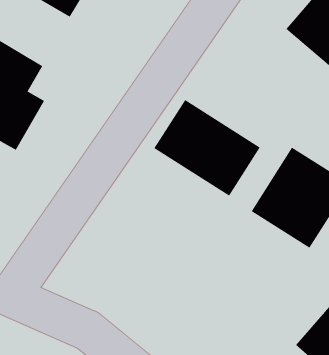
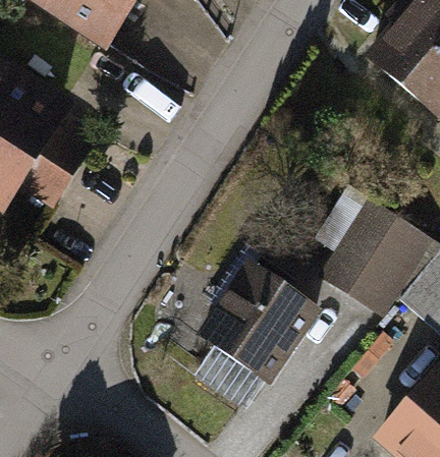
building: [154,99,260,197] -> none
building: none -> [195,261,317,383]

